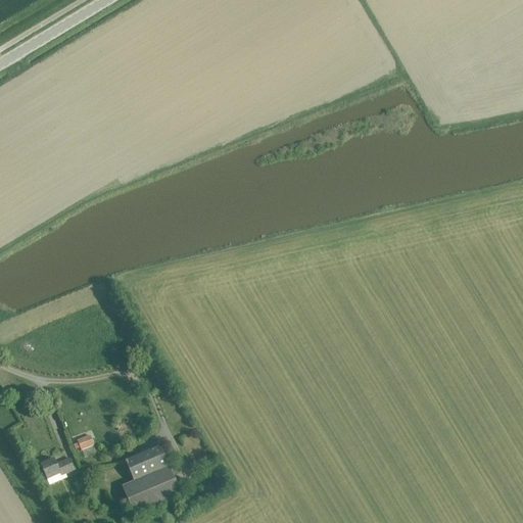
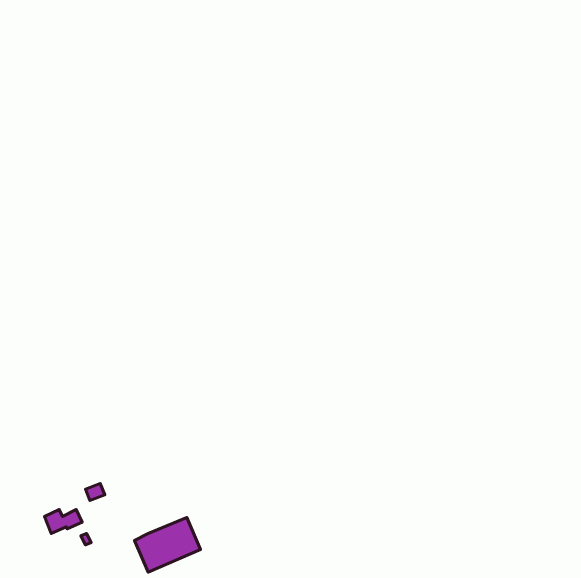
building: [125,443,168,478] -> none

